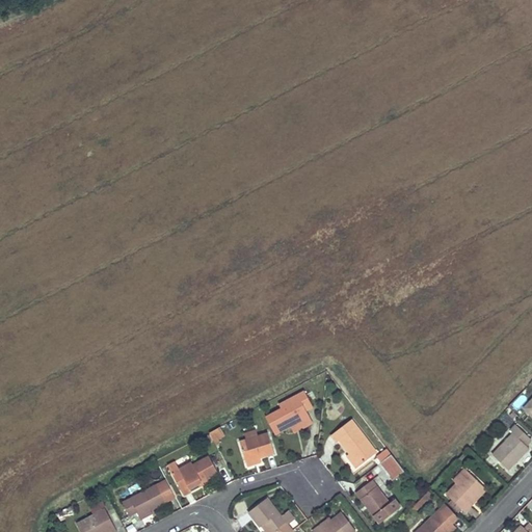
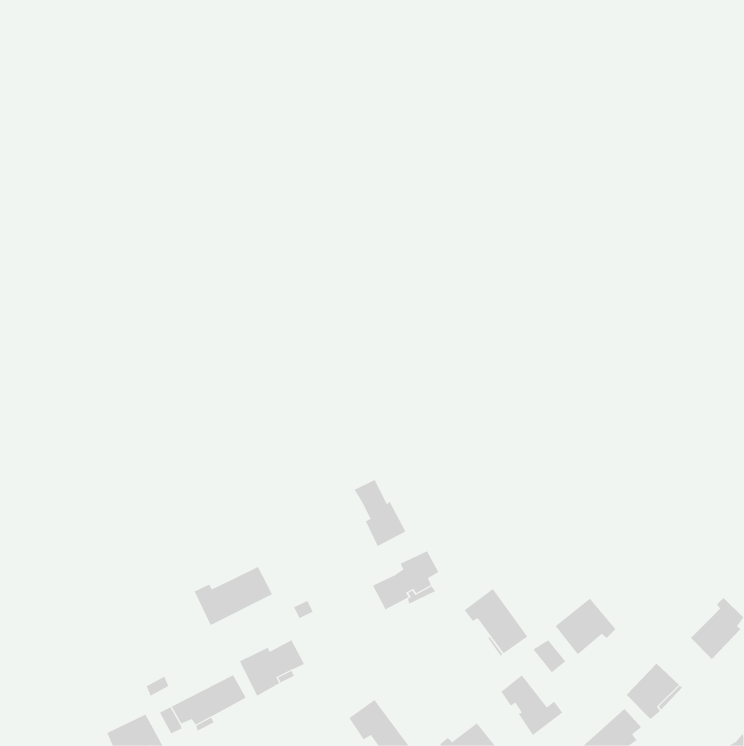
building: none -> [354,479,406,547]
building: none -> [194,566,273,626]
building: none -> [555,598,616,655]
building: [239,432,273,462] -> none

